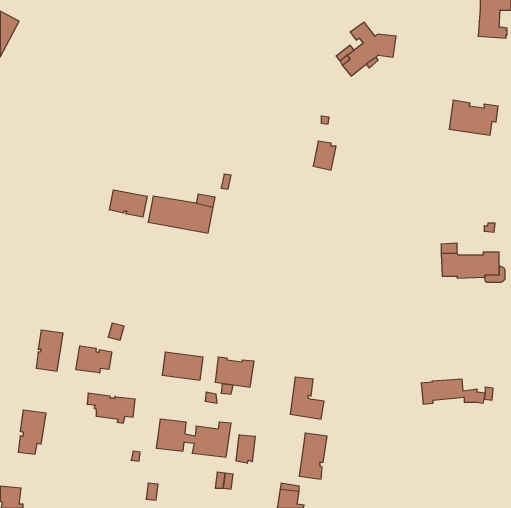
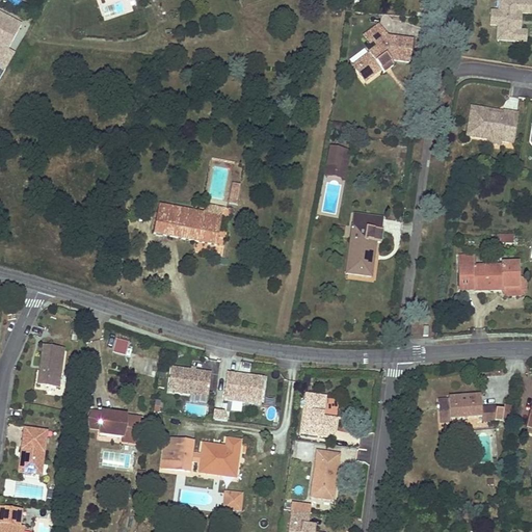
building: [109,190,147,217] -> none
building: none -> [346,212,382,275]
building: [76,346,112,373] -> none
building: [236,435,255,463] -> none

